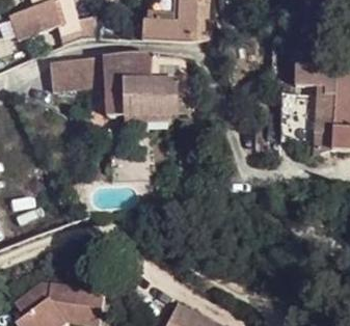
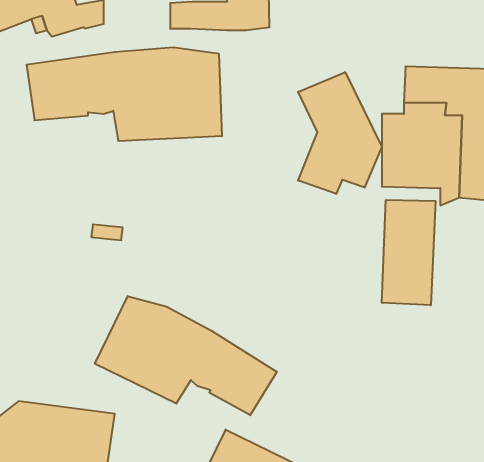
building: none -> [298,72,382,194]
building: none -> [382,200,435,305]
building: none -> [95,296,277,415]

